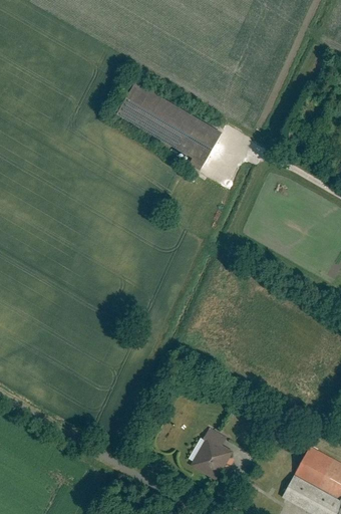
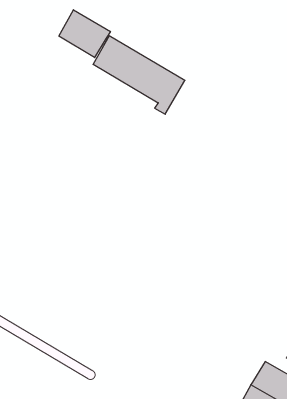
building: none -> [59,10,110,58]
building: [193,429,231,478] -> none

